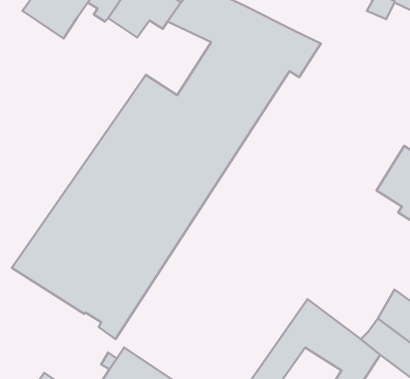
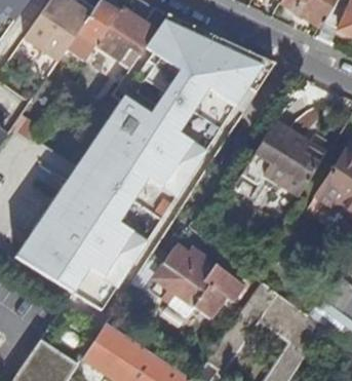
building: none -> [242,121,333,196]
building: none -> [156,244,246,316]

